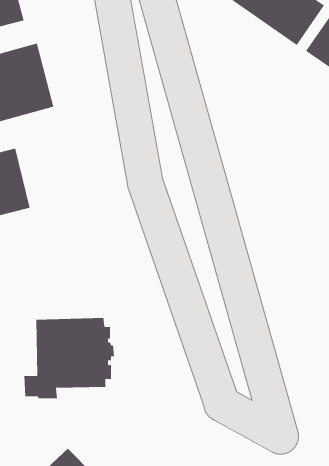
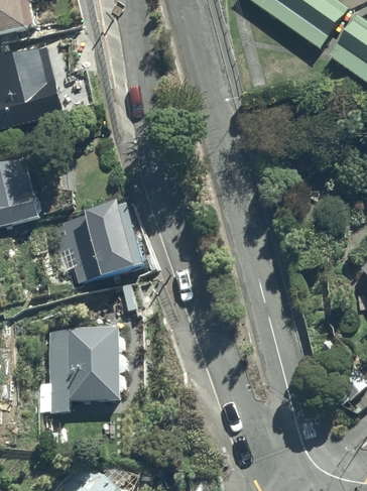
building: none -> [44,197,142,283]

